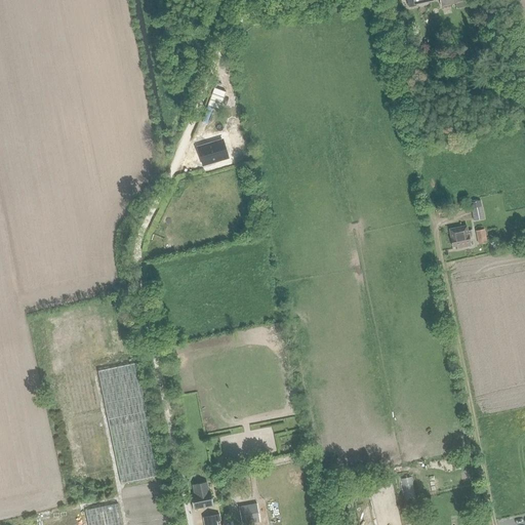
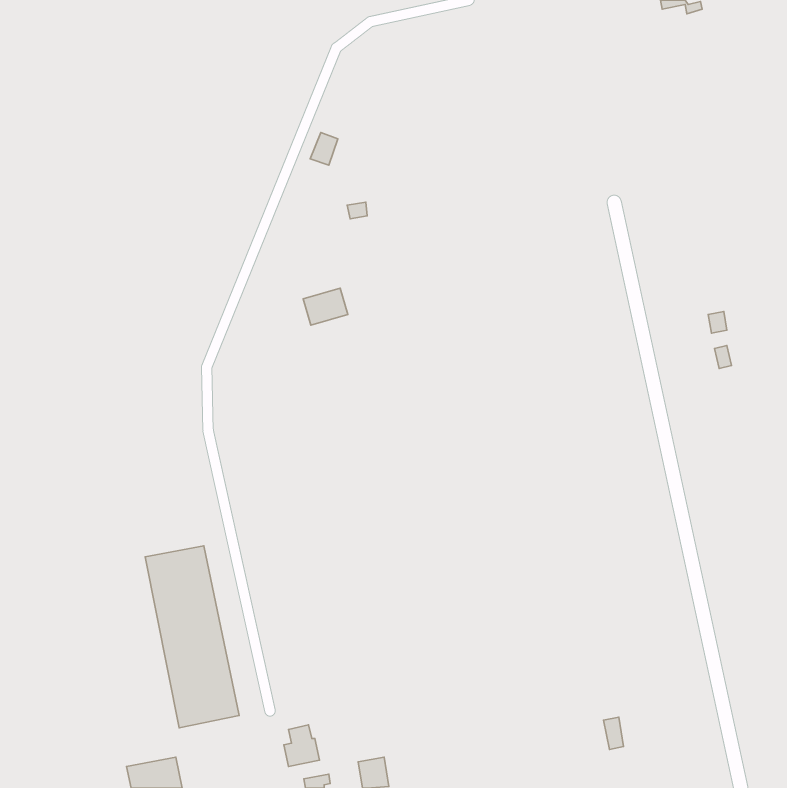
building: [197,140,227,165] -> [303,288,348,325]
building: [448,227,473,249] -> none

